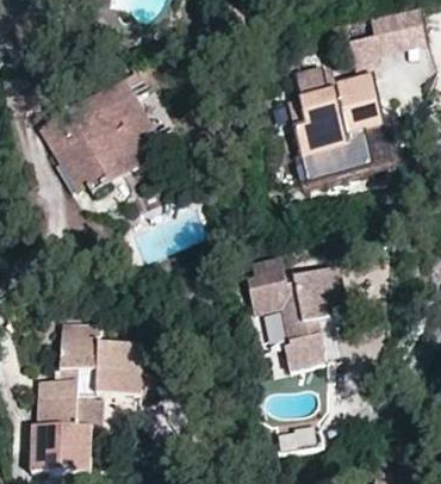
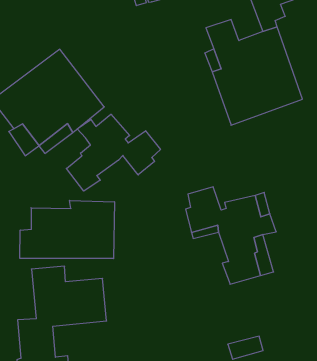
building: none -> [66,114,160,191]
building: none -> [20,200,114,259]

